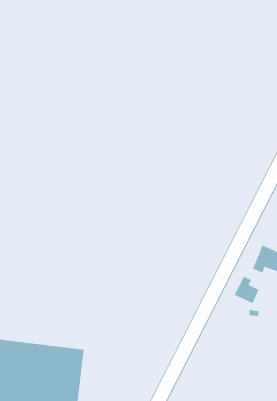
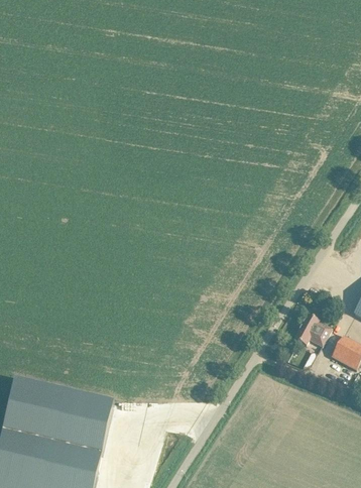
building: [234,275,260,304] -> none

